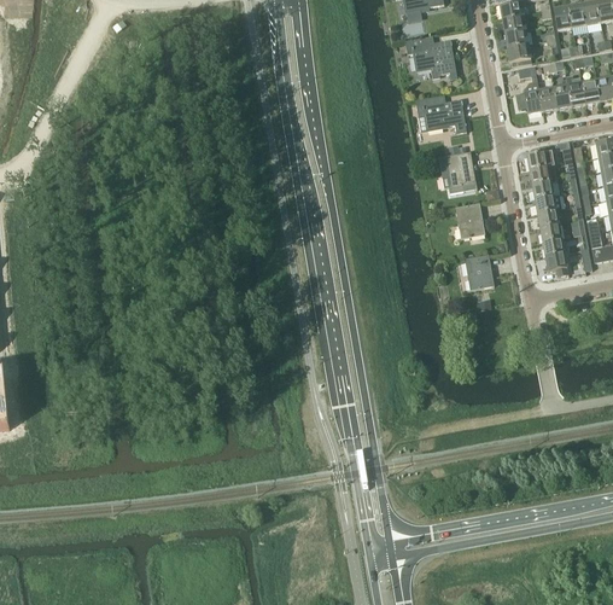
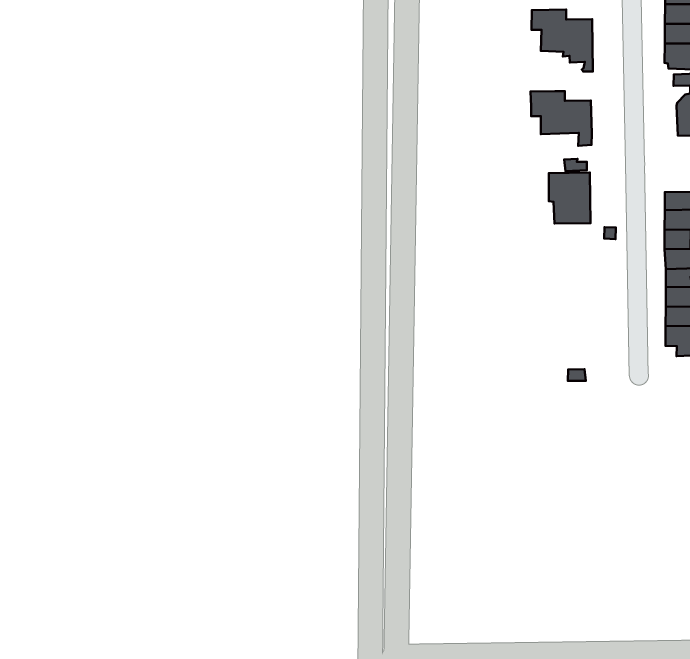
building: [455,203,484,238] -> none
building: [463,255,494,291] -> none

